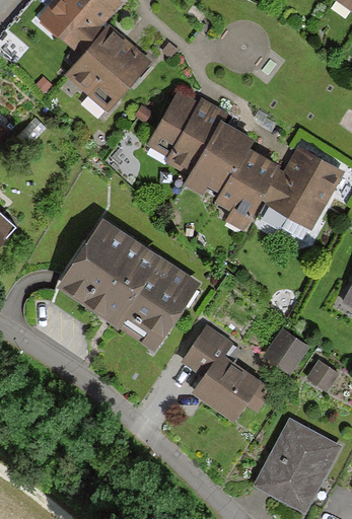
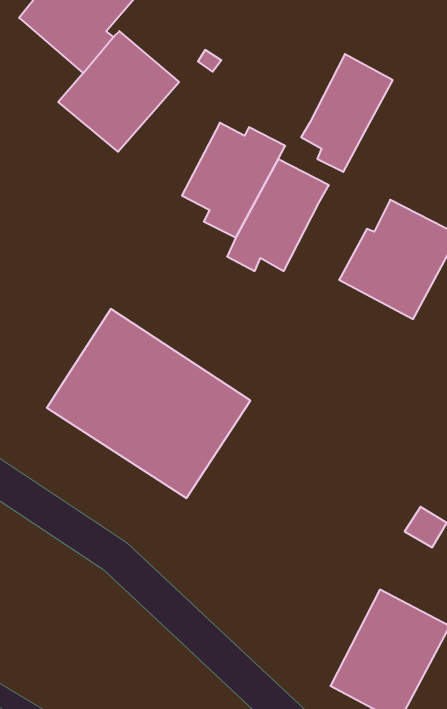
building: [216,148,280,230] -> [301,54,393,172]
building: [183,324,271,419] -> none
building: [264,327,305,369] -> none

